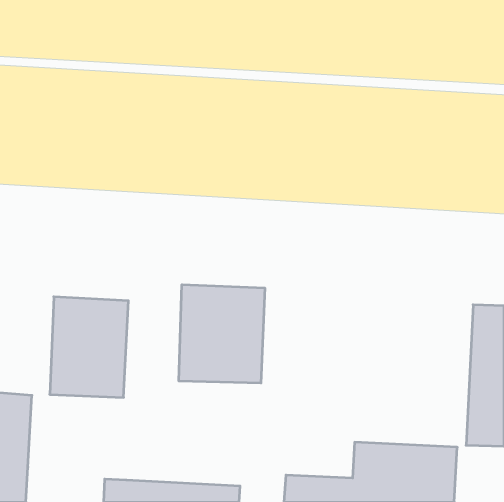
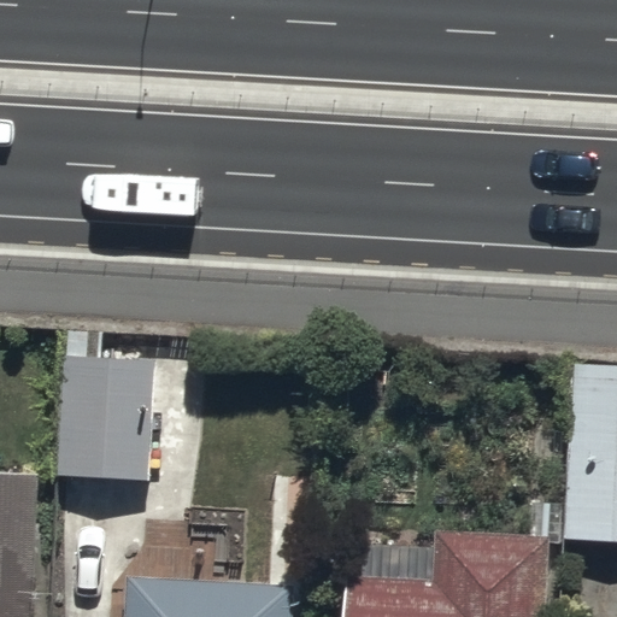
building: [179,285,265,383] -> none

